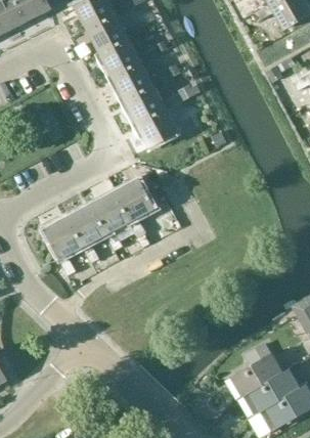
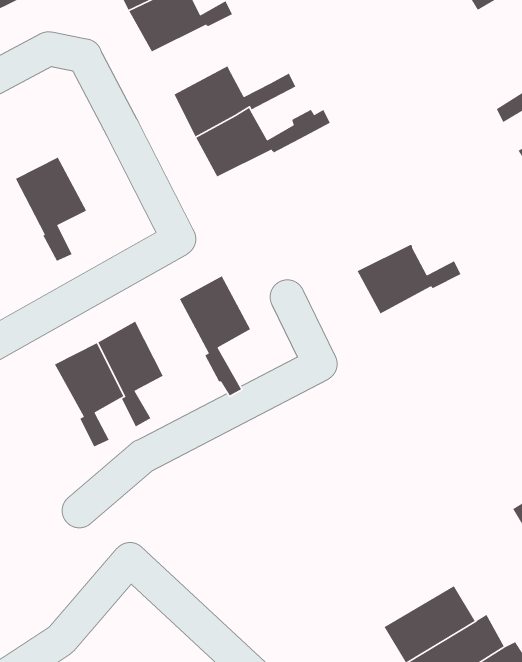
building: [98,36,157,75] -> none
building: [135,106,194,146] -> [357,244,462,314]
building: [89,190,130,250] -> [15,157,87,262]

